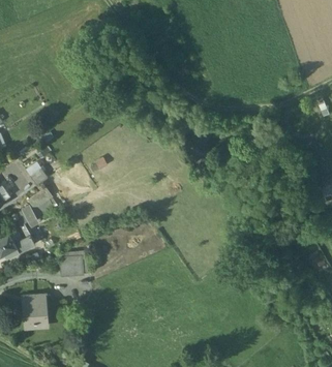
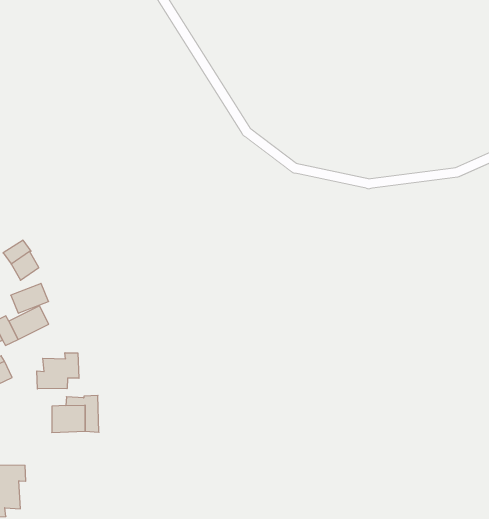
building: none -> [37,353,79,389]

